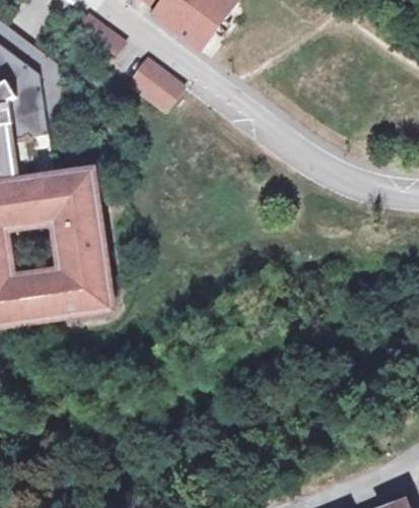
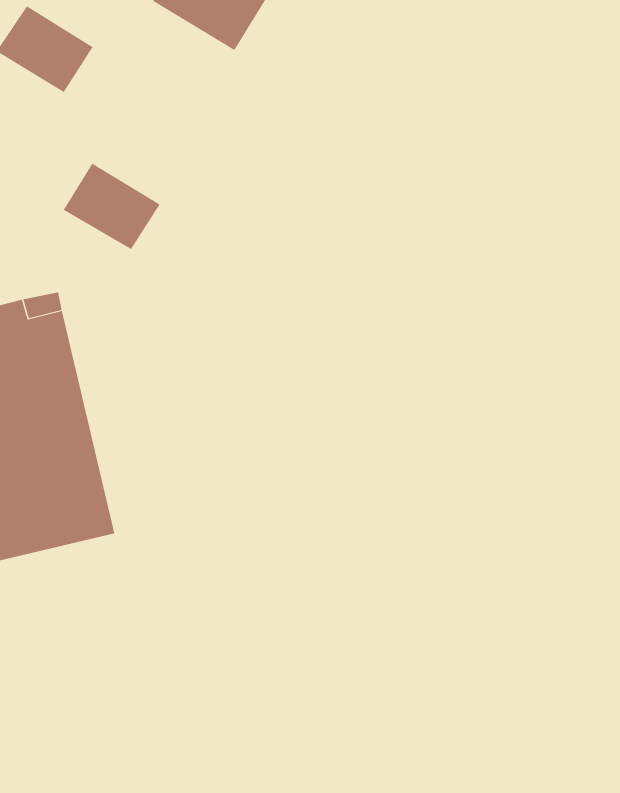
building: [129,57,183,107] -> [63,163,161,250]

